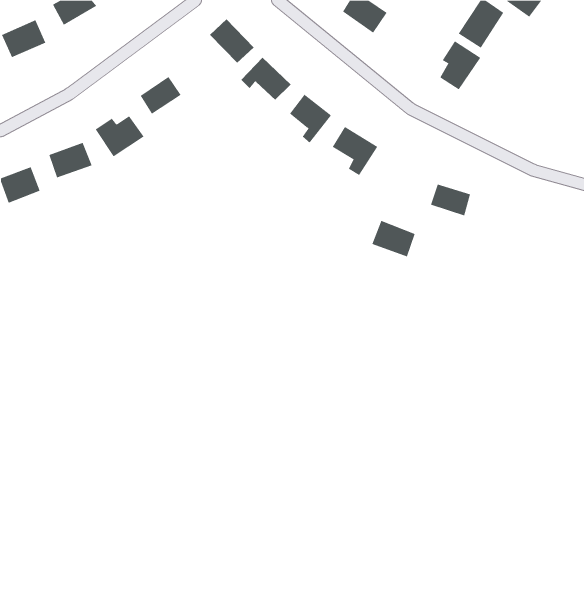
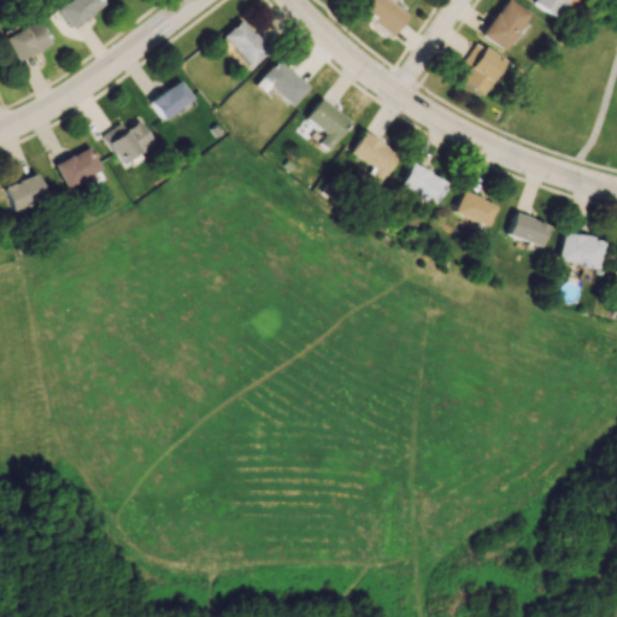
building: none -> [510,212,551,246]
building: [372,220,416,257] -> [402,164,448,202]
building: none -> [560,230,607,269]

